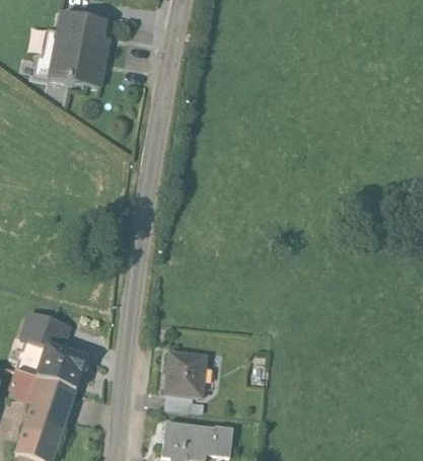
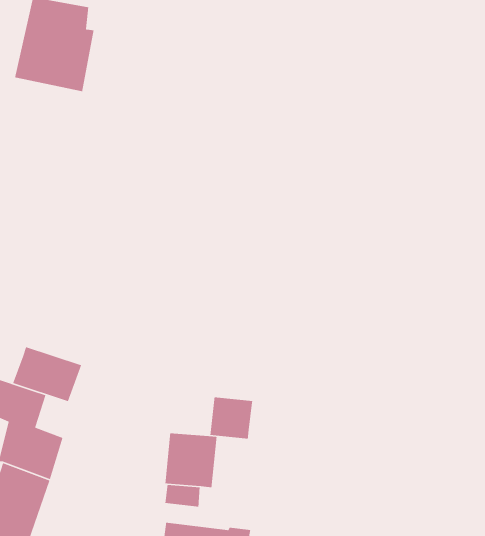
building: none -> [12,346,82,402]
building: none -> [209,397,253,439]

